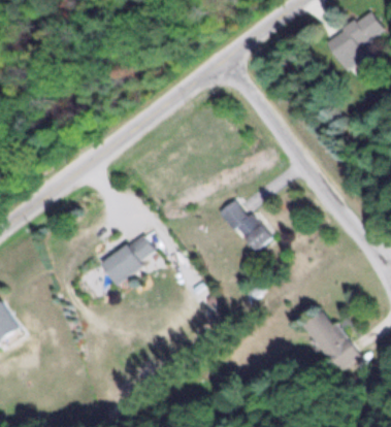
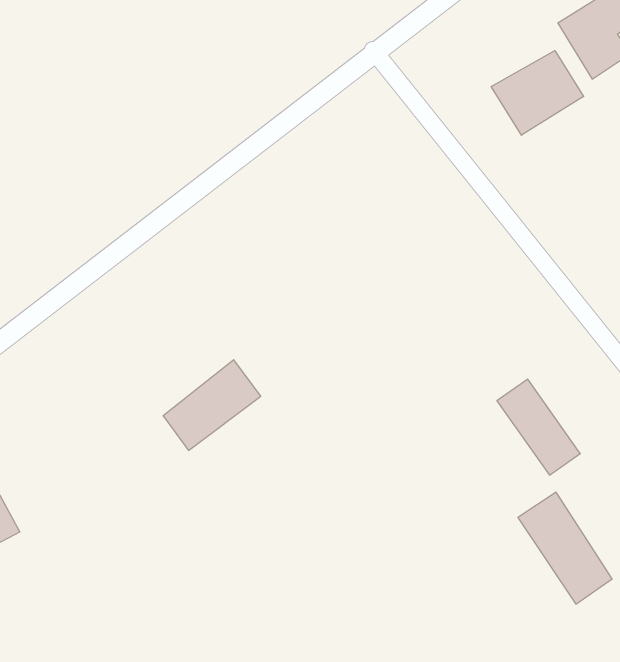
building: none -> [491,51,584,135]
building: [222,198,269,253] -> [497,379,580,475]

